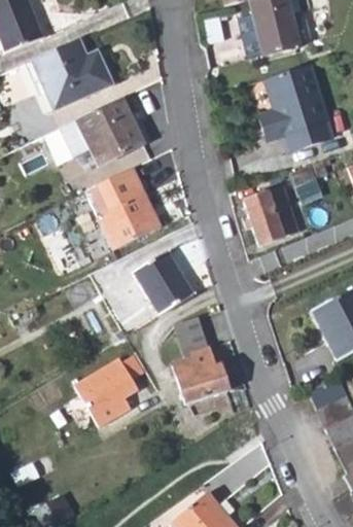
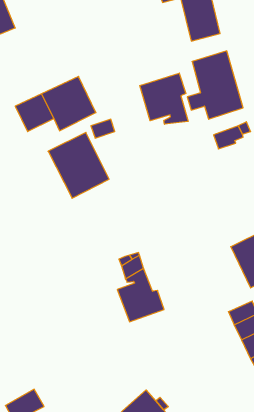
building: [32,42,114,115] -> none
building: none -> [140,73,188,124]
building: [245,189,295,245] -> none
building: [135,249,197,315] -> none
building: [74,357,138,426] -> none

